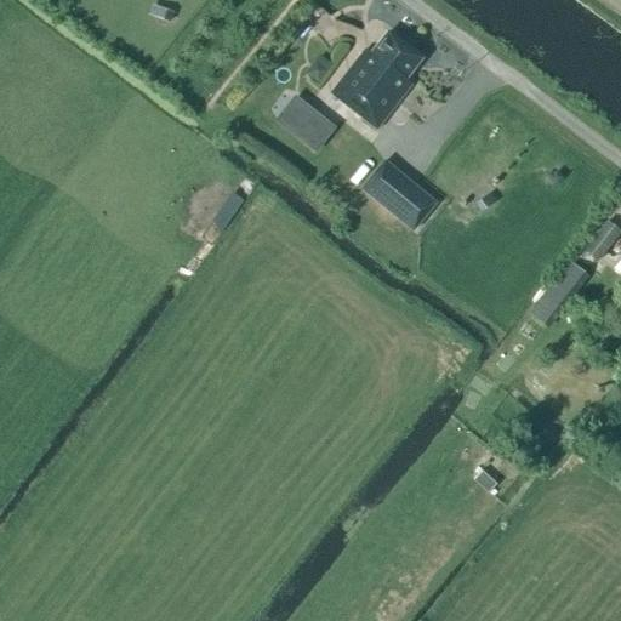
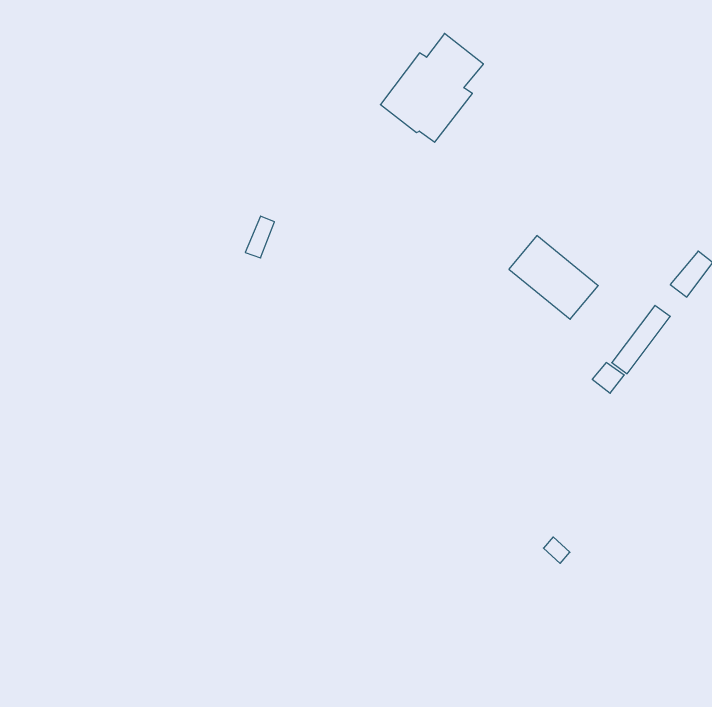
building: [285,99,329,143] -> none
building: [359,156,437,229] -> [509,236,598,319]

